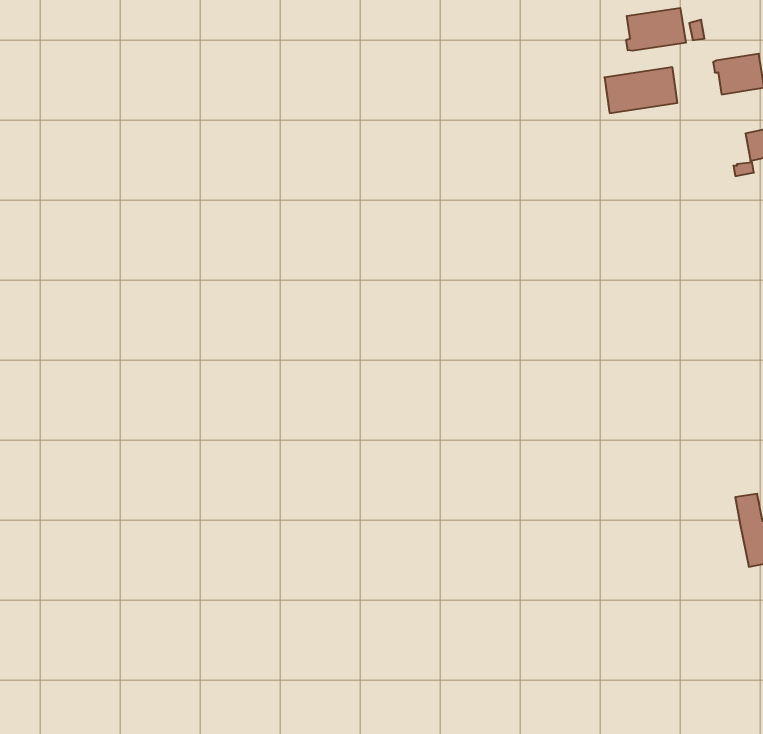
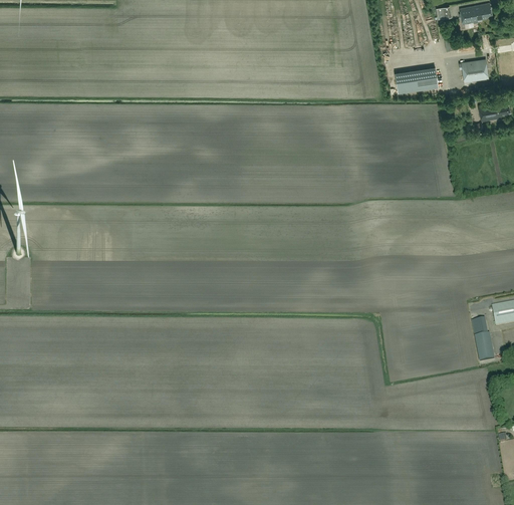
building: [626,8,686,51] -> none

